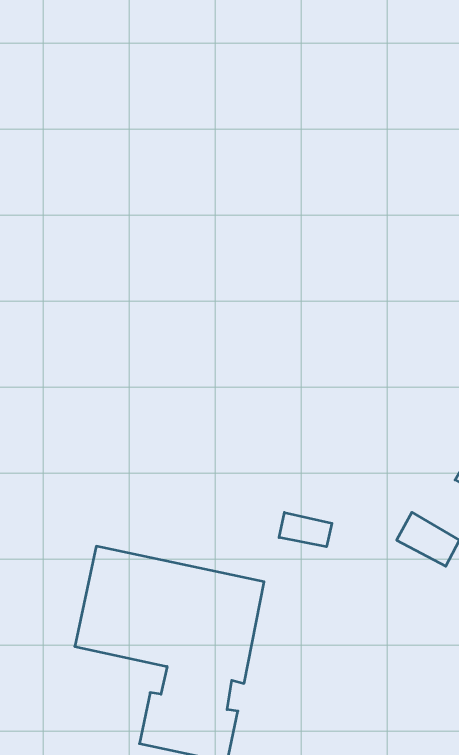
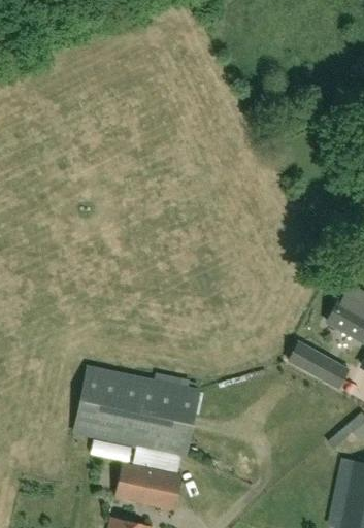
building: [279,512,332,547] -> none

